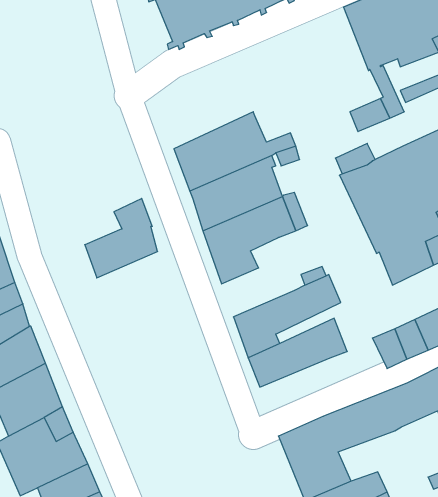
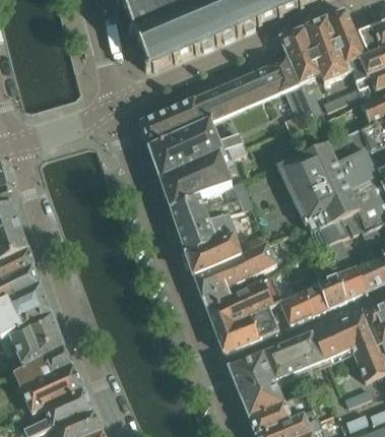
building: none -> [140,57,299,145]
building: [85,198,158,278] -> [186,213,242,274]
building: none -> [279,291,313,324]
building: none -> [215,306,278,352]

